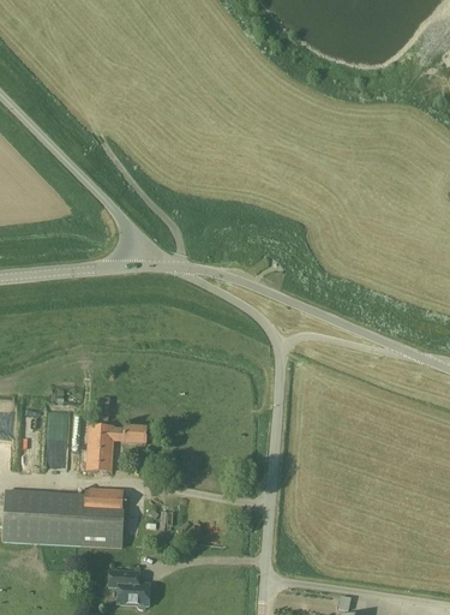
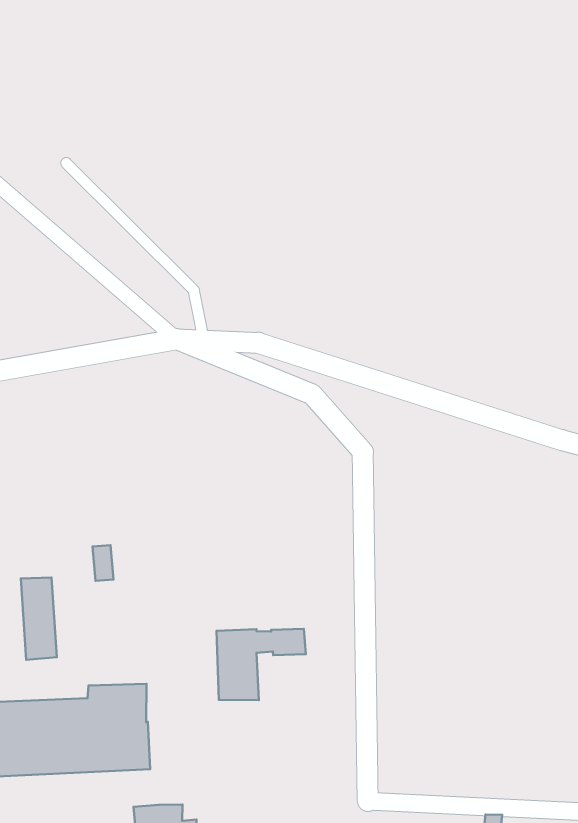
building: [85,424,145,472] -> [217,629,306,700]

